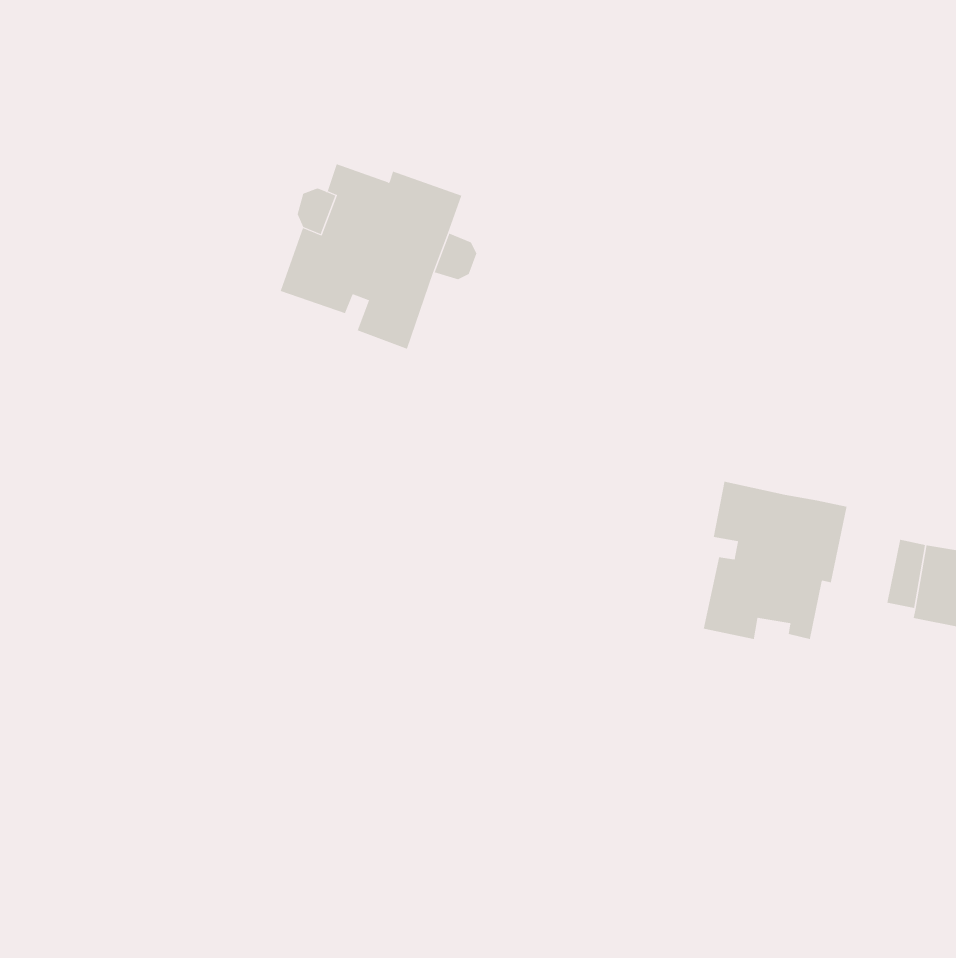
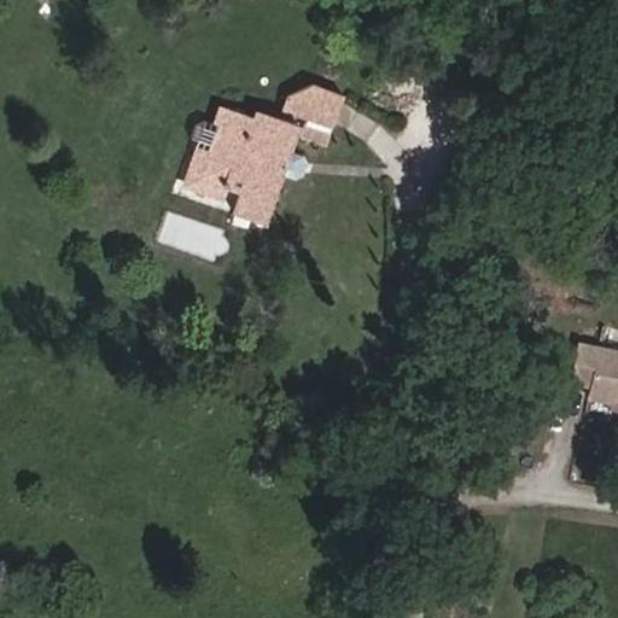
building: none -> [282,84,345,130]
building: [703,481,847,640] -> none

